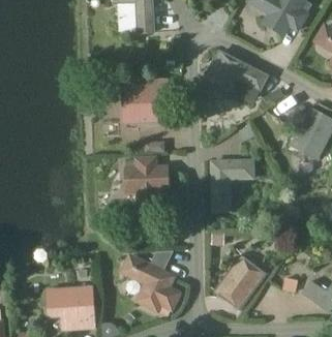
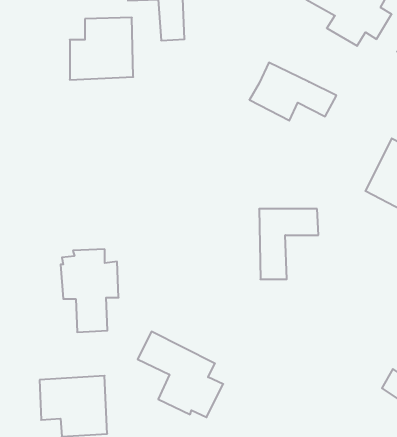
building: [122,78,170,124] -> [70,18,133,80]
building: [124,155,168,217] -> [61,249,119,332]
building: [213,254,266,309] -> none

